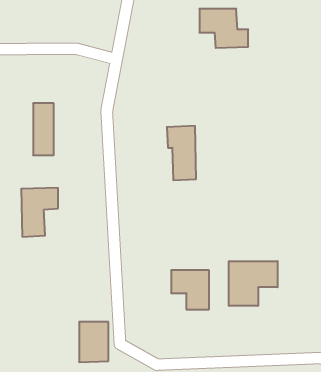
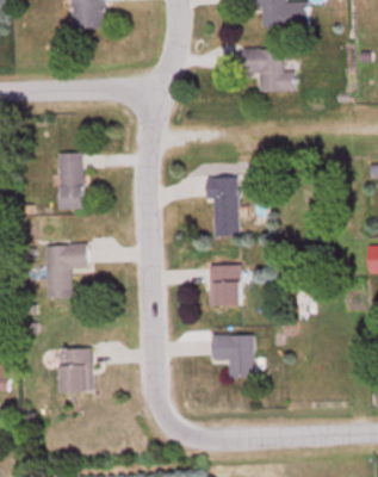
building: none -> [210,264,241,304]
building: [229,261,278,306] -> none
building: [79,322,108,362] -> [60,348,92,392]

